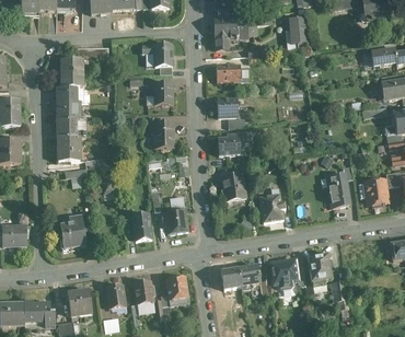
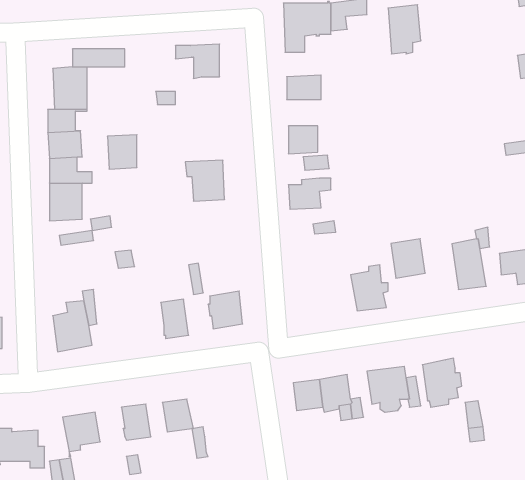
building: [152,81,172,104] -> [107,135,137,169]
building: [221,172,244,198] -> [391,239,425,278]
building: [164,275,187,304] -> none

